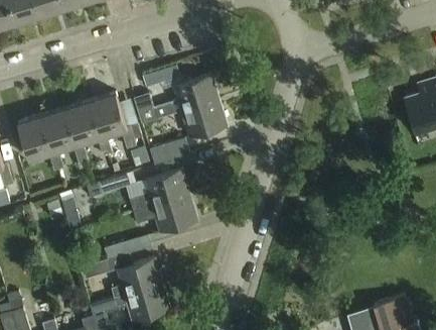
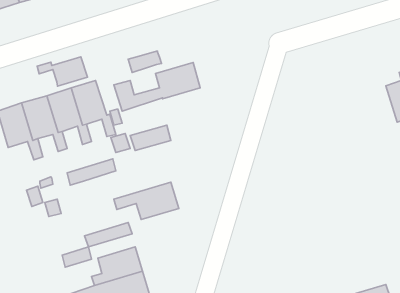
building: none -> [37,57,87,86]
building: [181,101,227,137] -> none
building: [129,170,189,212] -> none

